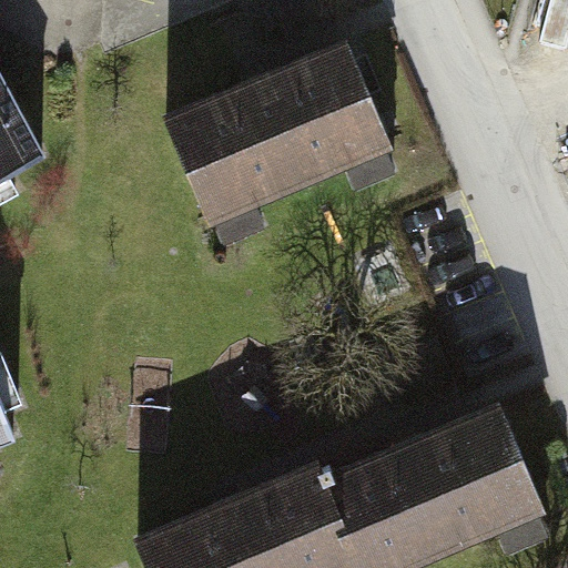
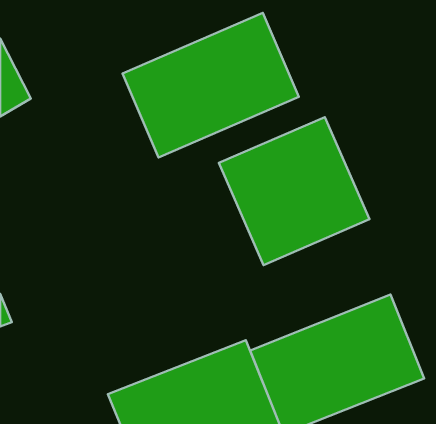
building: none -> [219,117,369,265]

